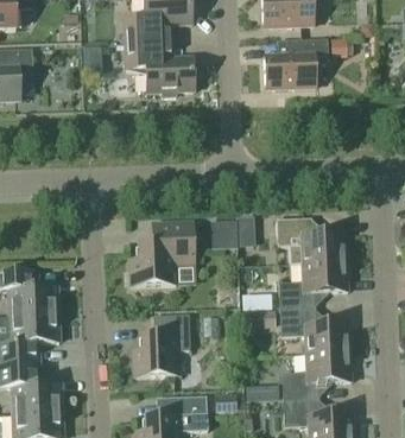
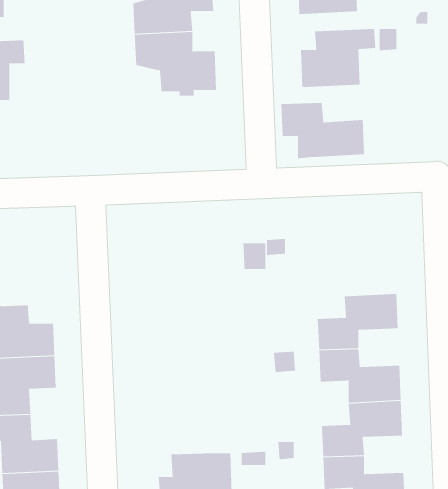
building: [276,217,347,265] -> [280,103,365,159]
building: [129,220,194,285] -> none
building: [133,315,190,376] -> none

